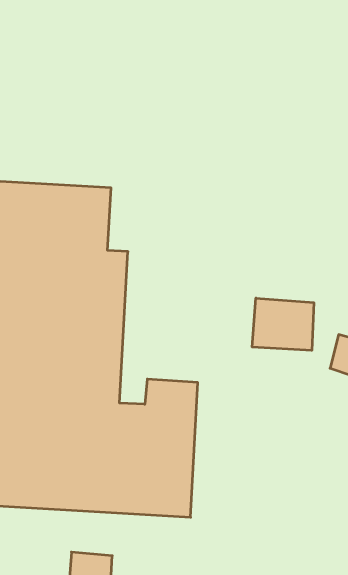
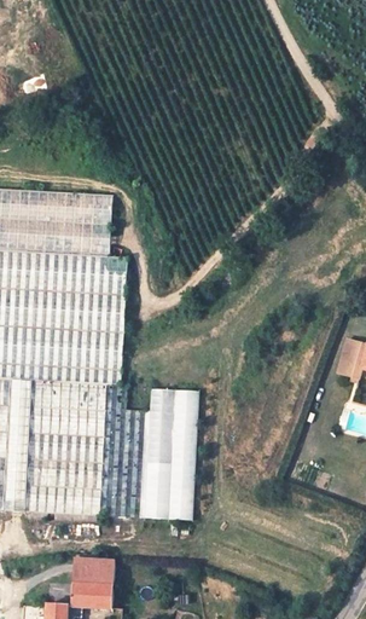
building: [252,298,314,350] -> none

